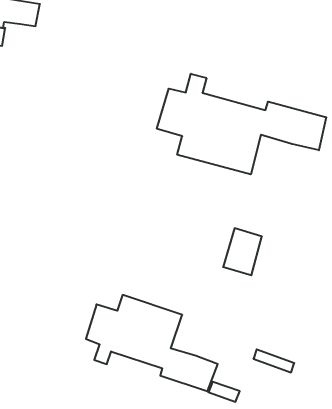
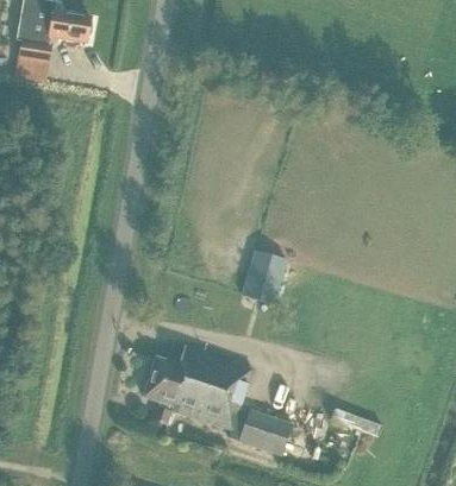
building: [157,74,326,174] -> none
building: [223,228,262,275] -> [242,252,286,305]

